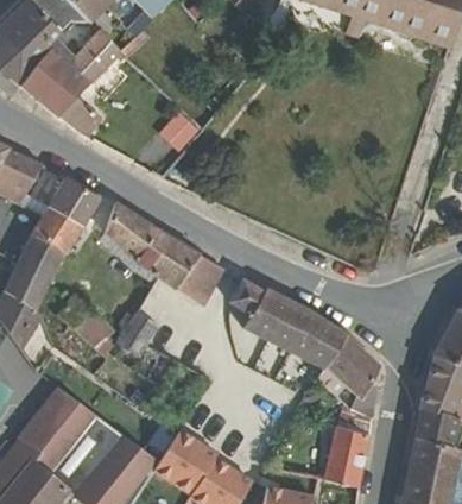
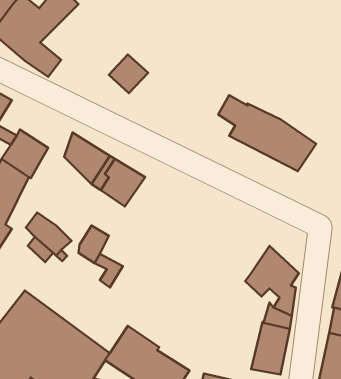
building: [52,176,102,220] -> none
building: [177,254,224,303] -> none
building: [230,278,346,367] -> [218,95,316,171]

